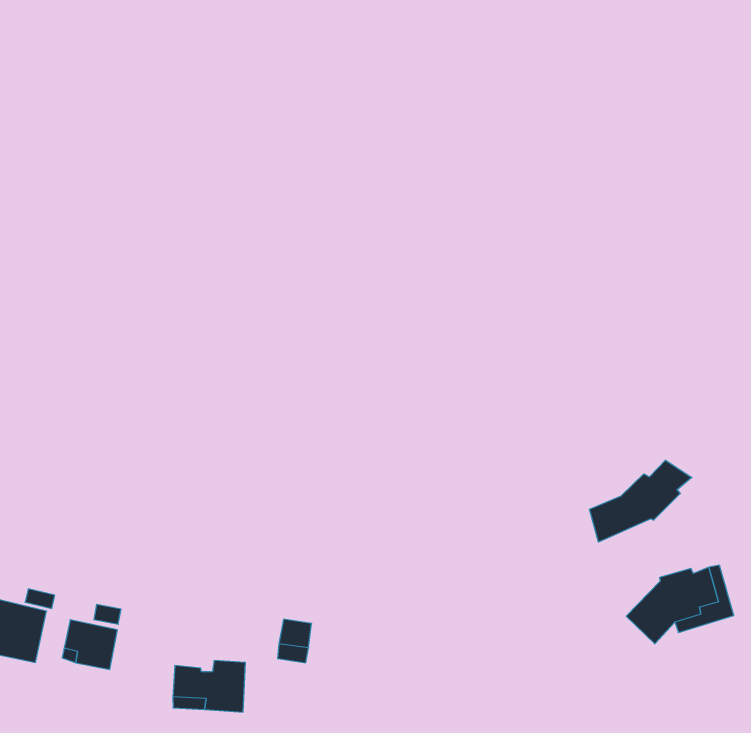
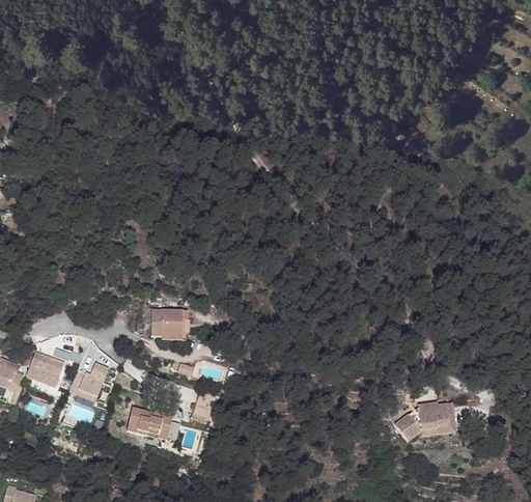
building: [589,460,692,542] -> none
building: none -> [151,307,192,338]

